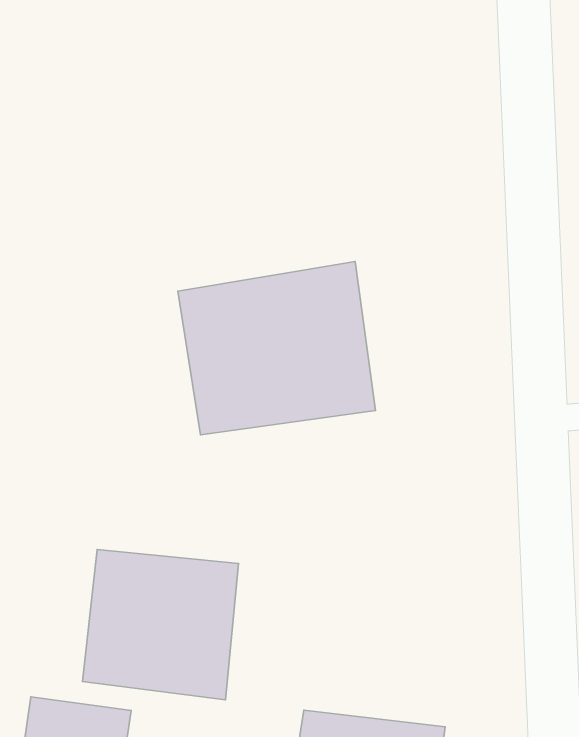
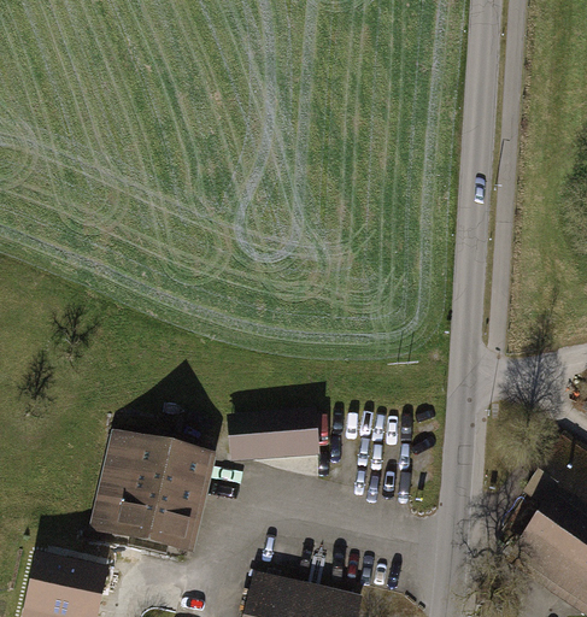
building: [178,261,375,435] -> none
building: none -> [236,407,328,474]

